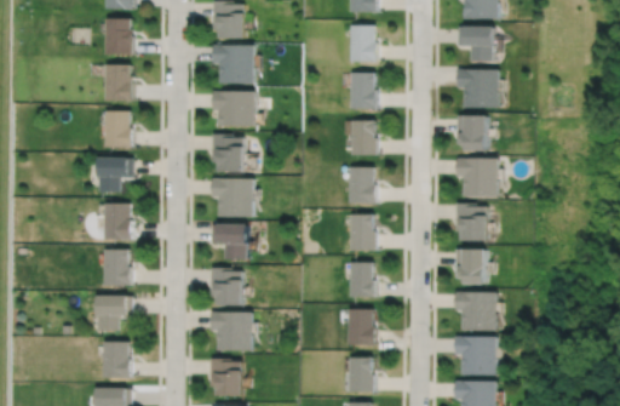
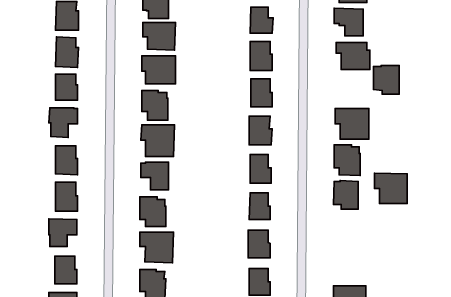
building: [458,113,490,149] -> [373,66,399,94]
building: [457,291,498,330] -> [375,173,407,204]
building: [455,336,498,374] -> none

